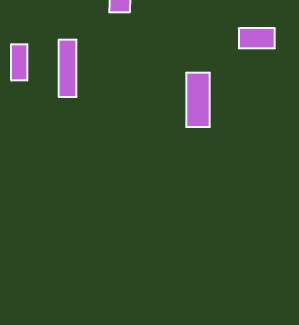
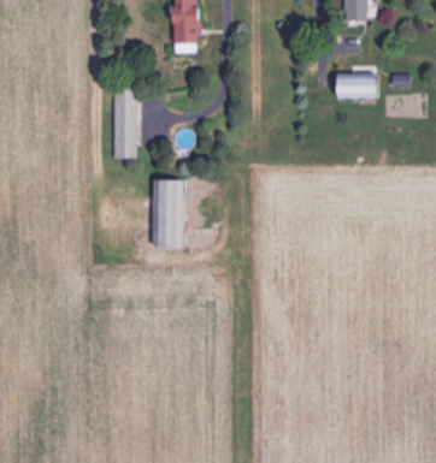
building: [11,44,27,81] -> none
building: [186,73,210,127] -> [154,179,184,248]

